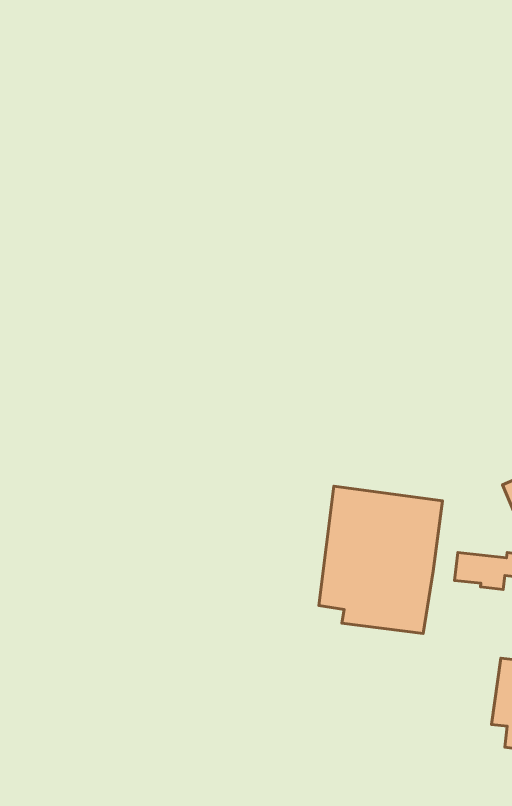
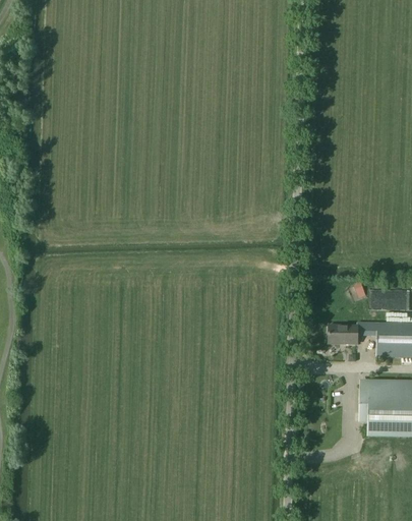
building: [319,486,443,634] -> none

